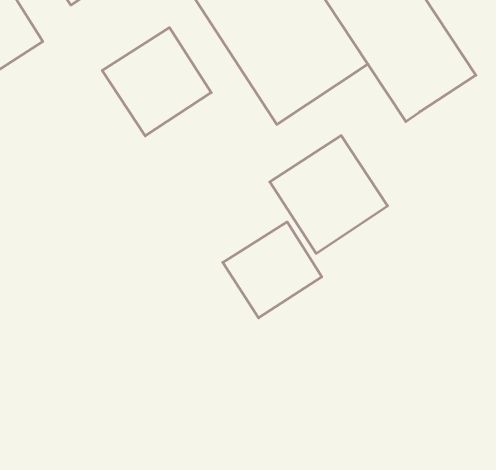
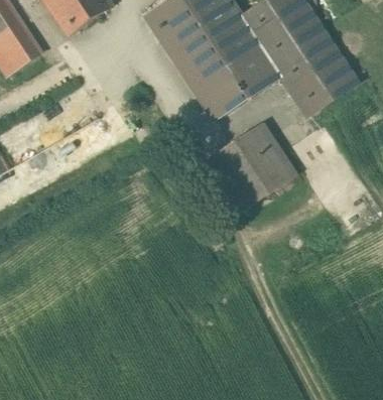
building: [102,28,211,136] -> none
building: [223,222,322,318] -> none

